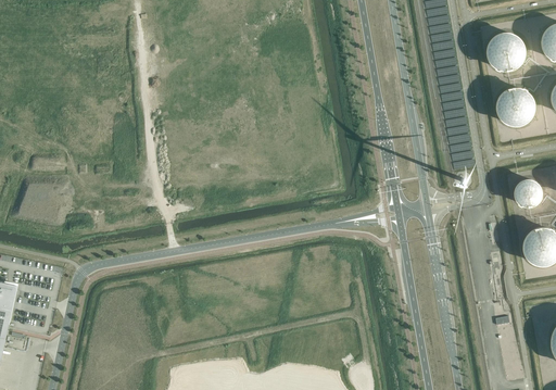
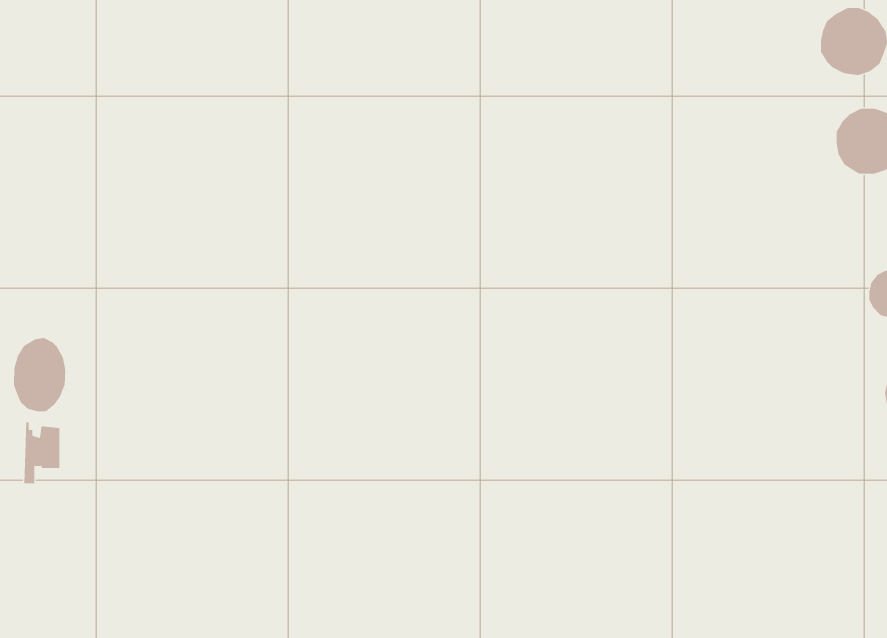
building: none -> [13,337,66,412]

